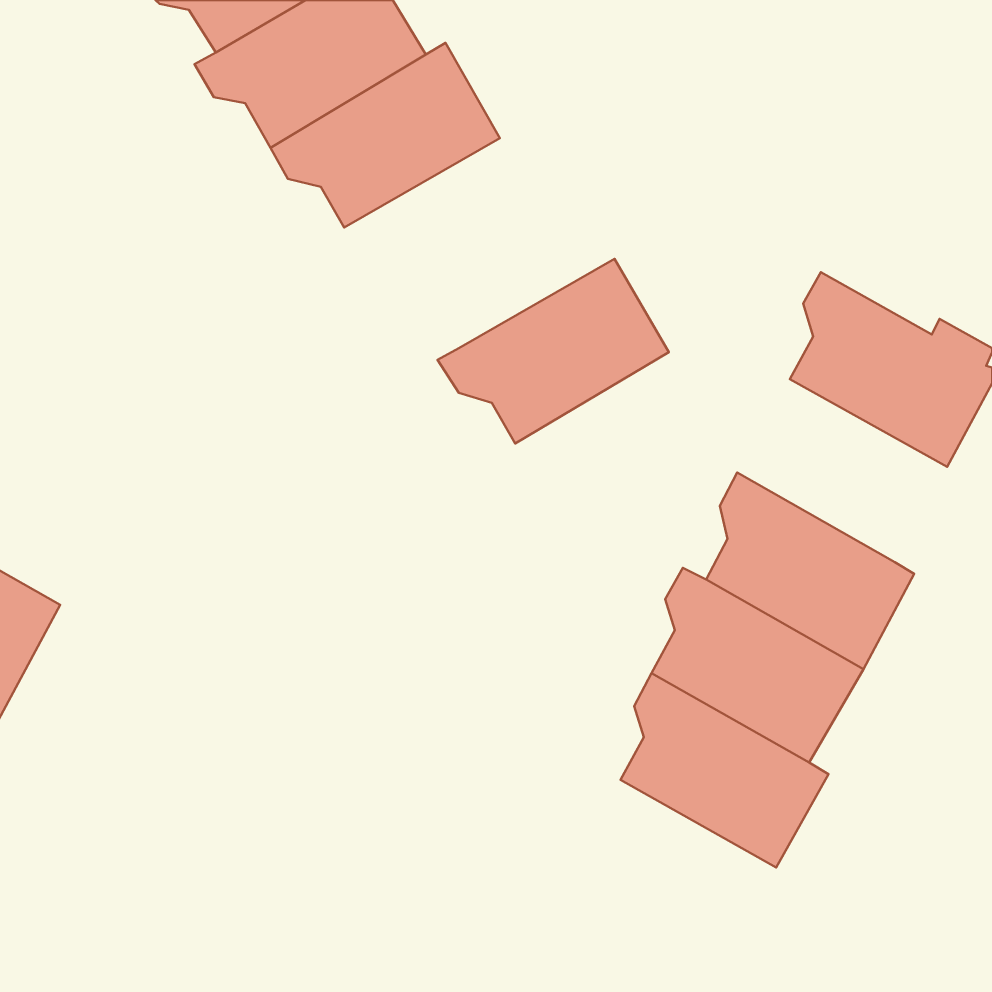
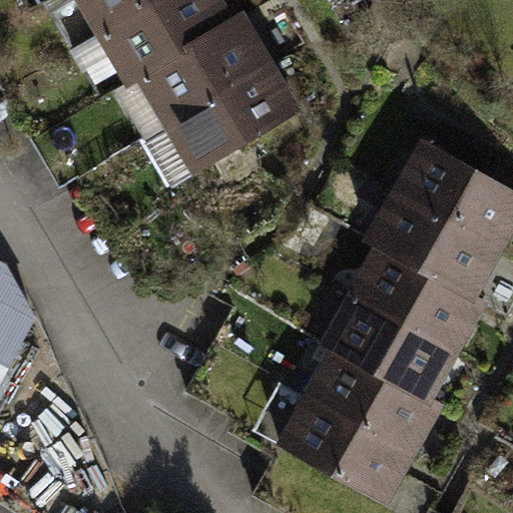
building: [437,259,669,444] -> [166,72,286,167]
building: none -> [380,190,488,291]
building: none -> [292,396,400,498]

